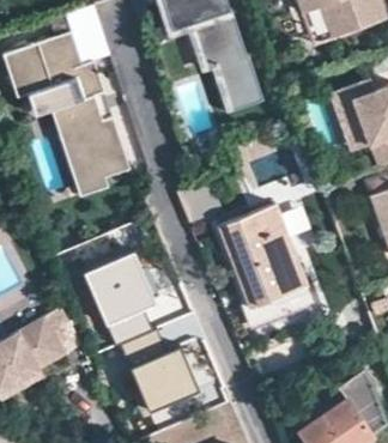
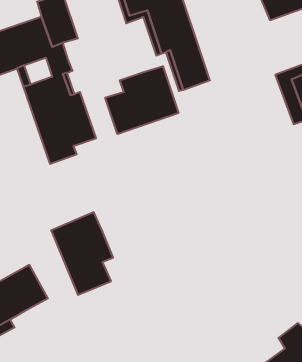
building: none -> [105,66,178,134]
building: [217,198,311,309] -> none
building: [120,327,194,406] -> none

